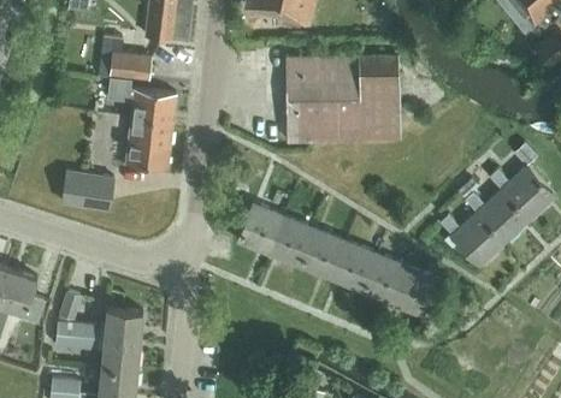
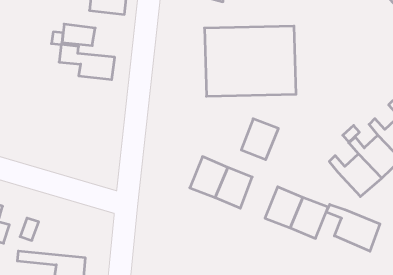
building: [129,117,172,167] -> none
building: [61,172,114,210] -> none
building: [237,204,284,255] -> none
building: [331,242,377,292] -> [241,119,278,160]
building: none -> [326,204,380,251]
building: [57,309,143,341] -> none

